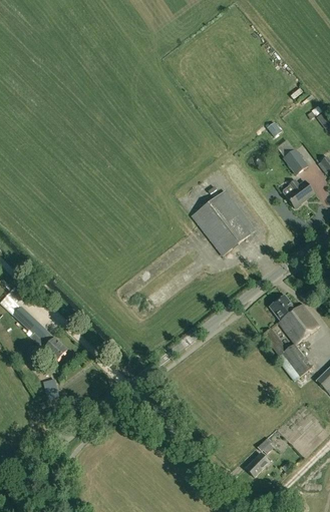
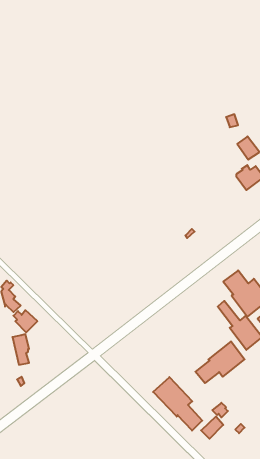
building: [192,189,255,254] -> none
building: none -> [195,341,245,383]
building: none -> [153,377,202,431]

